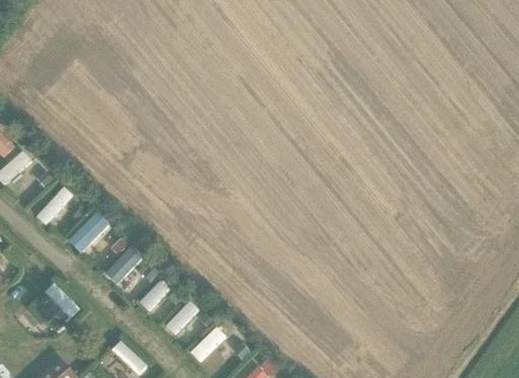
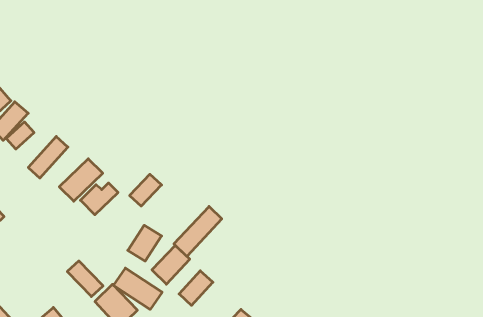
building: [102,248,136,282] -> [130,174,162,206]
building: none -> [174,206,222,256]
building: [41,280,78,317] -> [67,261,103,297]
building: none -> [114,268,162,309]

